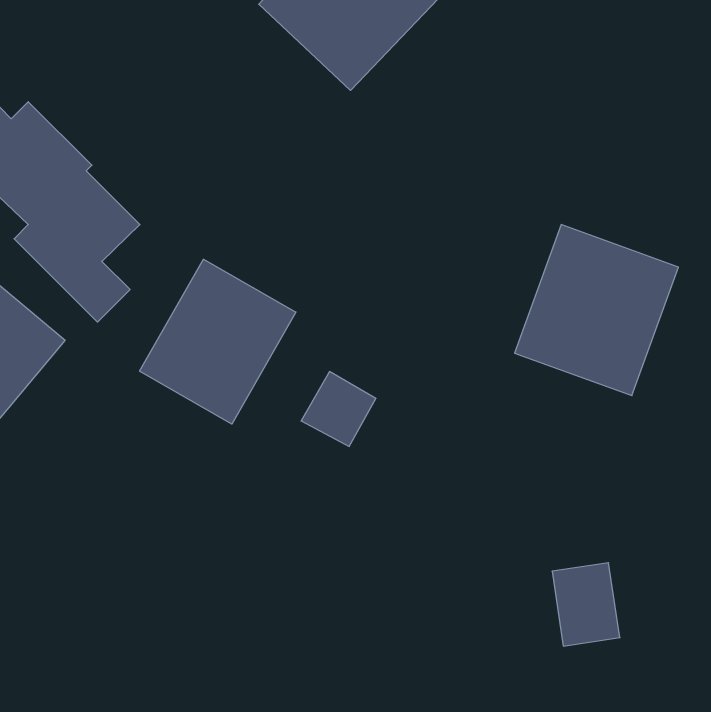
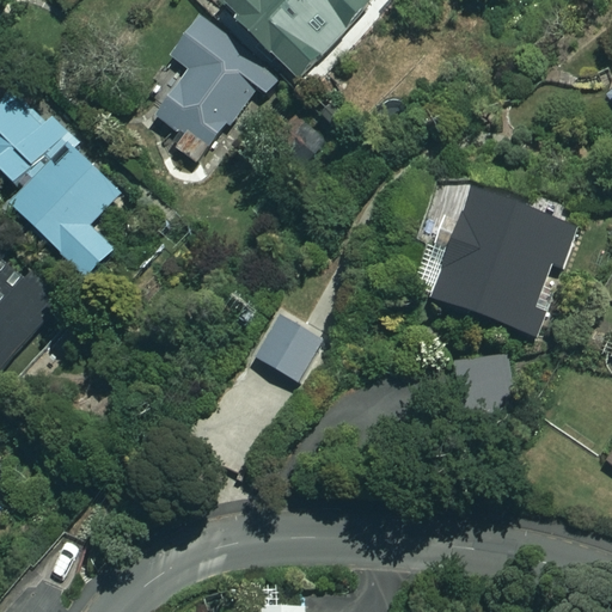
building: none -> [151,18,267,157]
building: [140,259,296,424] -> none
building: [552,563,620,646] -> [453,349,510,420]

